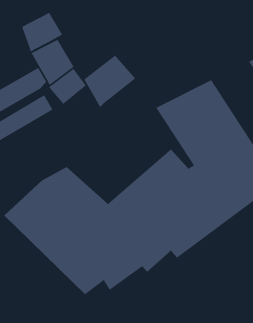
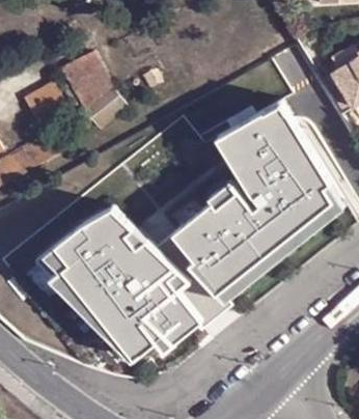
building: [21,12,63,53] -> none
building: [83,54,136,108] -> none

